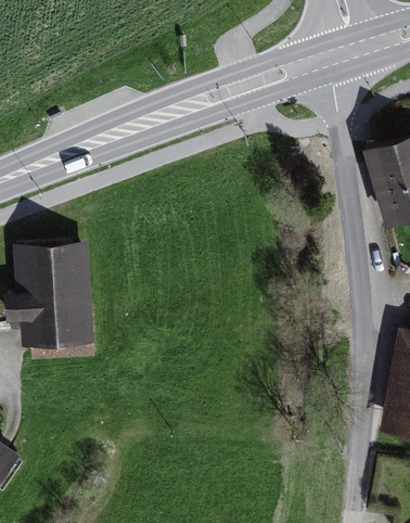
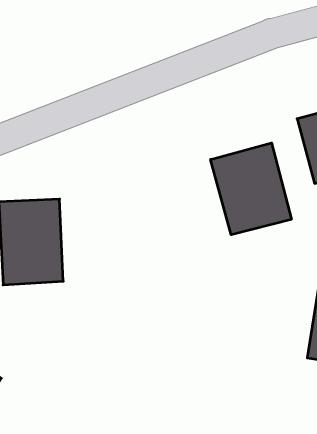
building: none -> [211,143,291,235]

